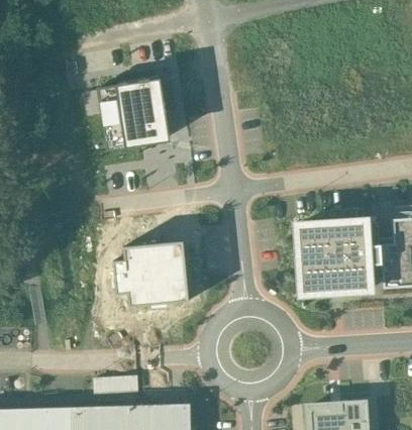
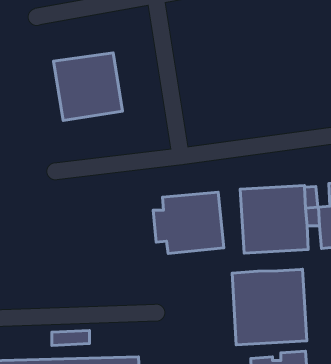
building: [115,241,191,307] -> [153,192,224,254]
building: none -> [232,269,307,345]

